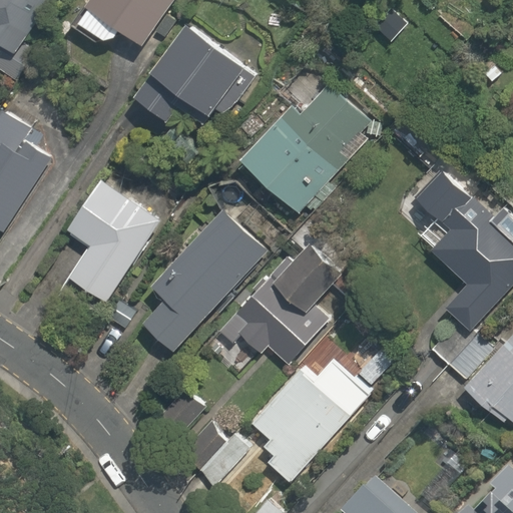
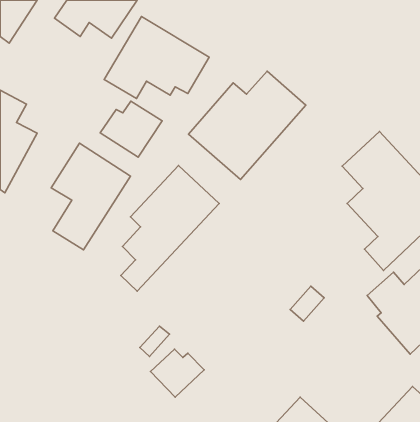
building: none -> [100,101,162,157]
building: [220,248,338,365] -> none
building: [252,366,354,482] -> none

